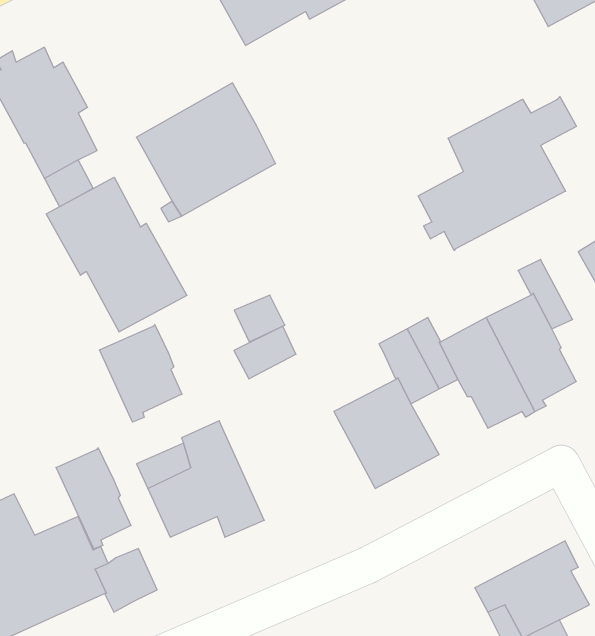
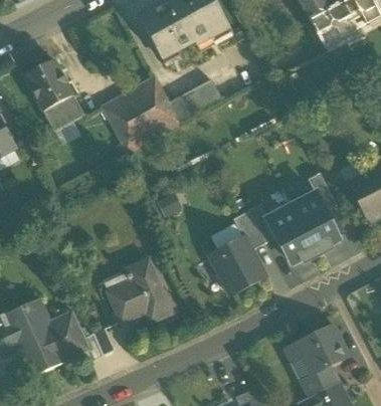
building: none -> [168,78,222,124]
building: [418,97,576,250] -> none
building: [46,177,187,332] -> none
building: [100,325,182,422] -> none
building: [234,326,296,379] -> [209,222,242,250]
building: [56,448,131,549] -> none

